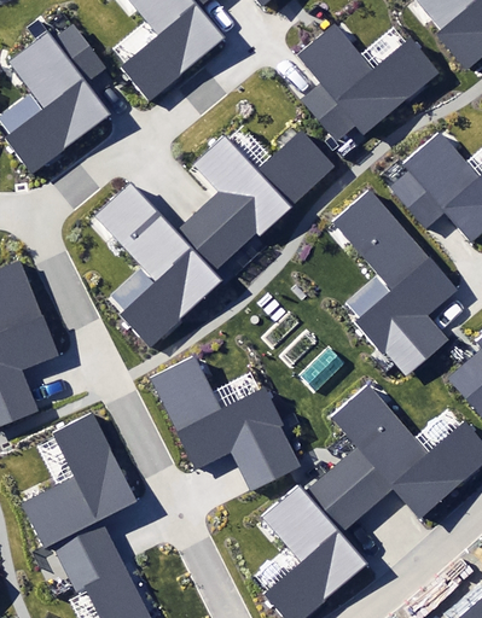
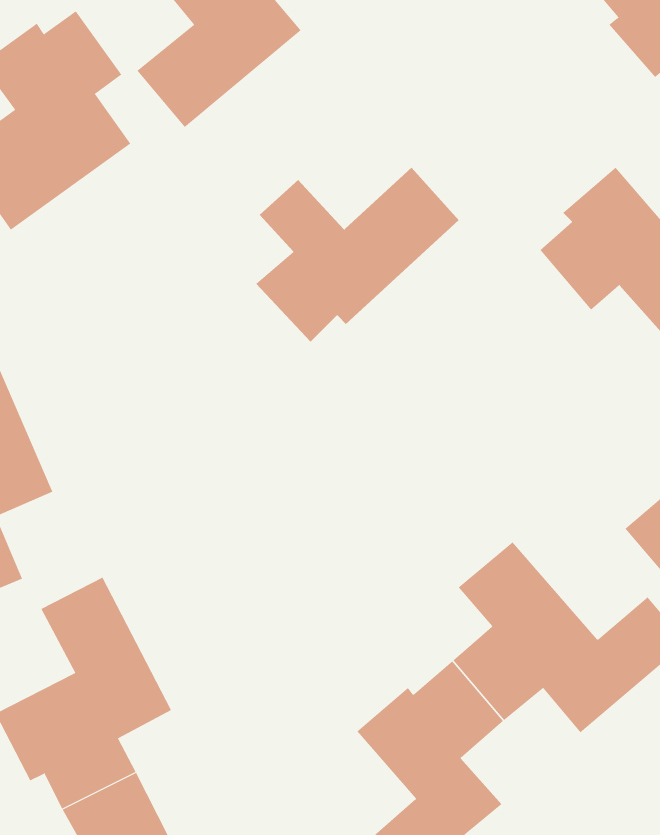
building: [298,24,439,140] -> none
building: [97,182,233,343] -> none
building: [332,187,455,372] -> none
building: [149,355,300,490] -> none

